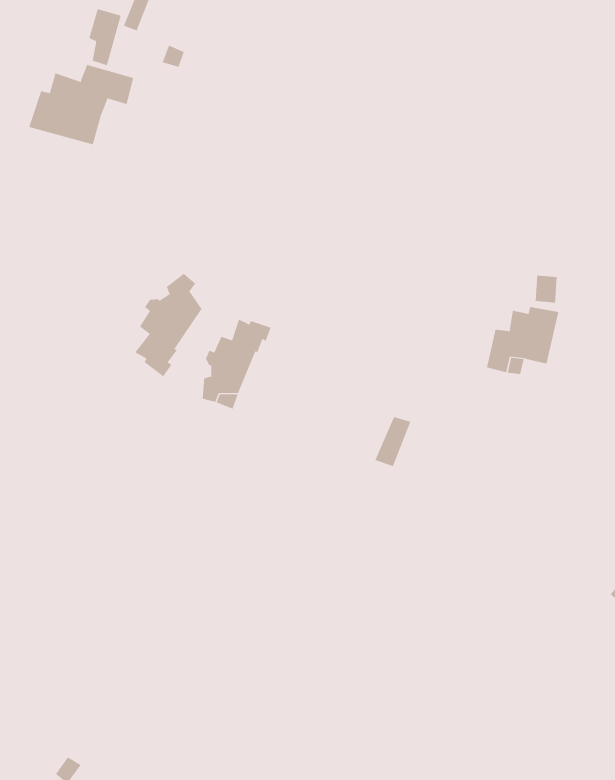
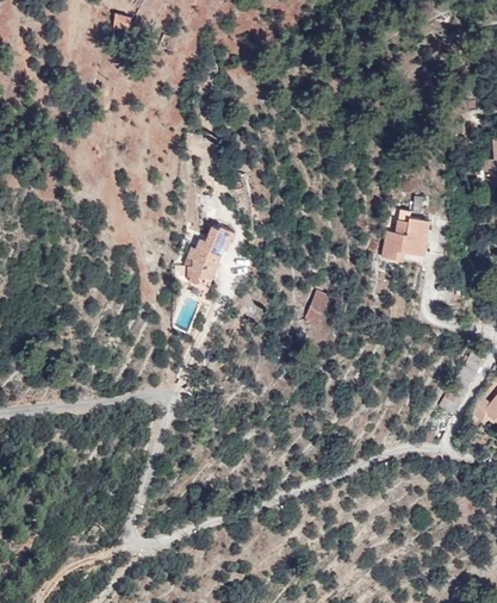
building: [29,64,134,145] -> none
building: [134,273,202,377] -> none

